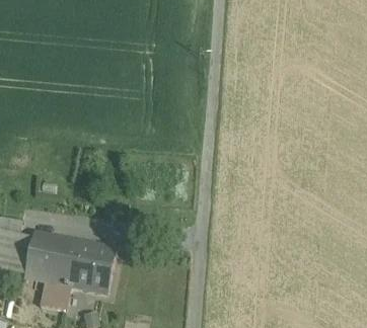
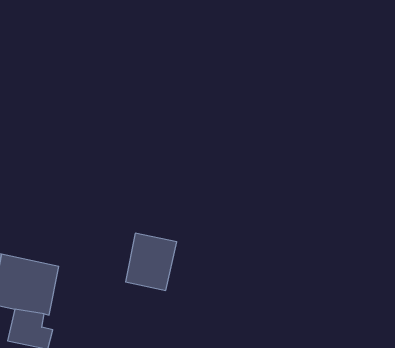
building: [73,241,116,289] -> [126,233,177,290]

